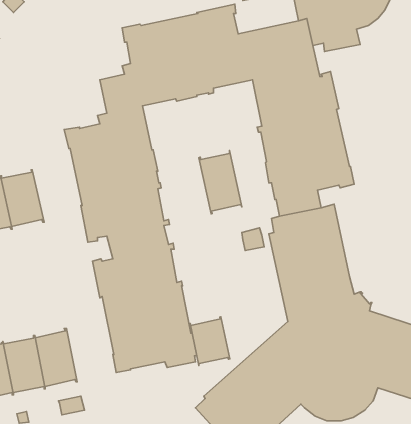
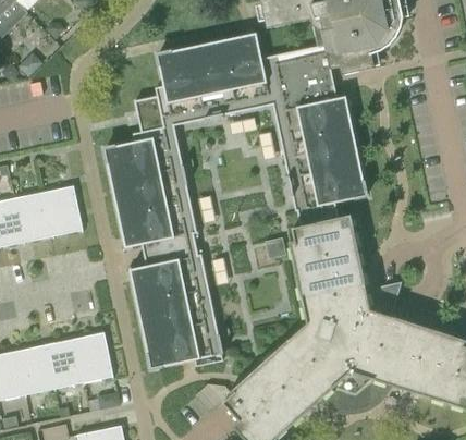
building: [199,151,242,214] -> none
building: [190,317,230,366] -> none

